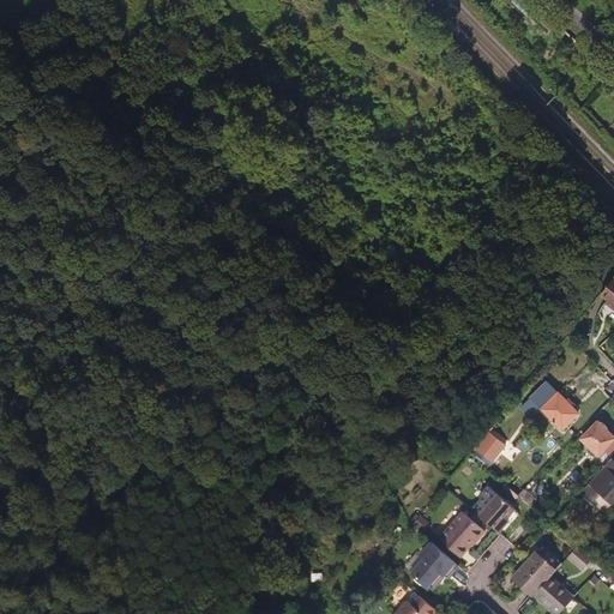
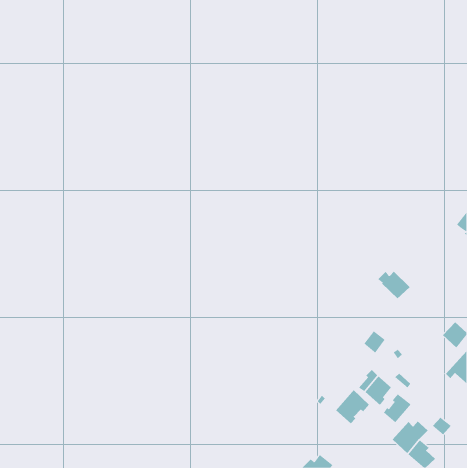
building: [535,392,578,429] -> [377,271,410,299]
building: none -> [383,394,411,423]
building: [410,541,457,588] -> none

